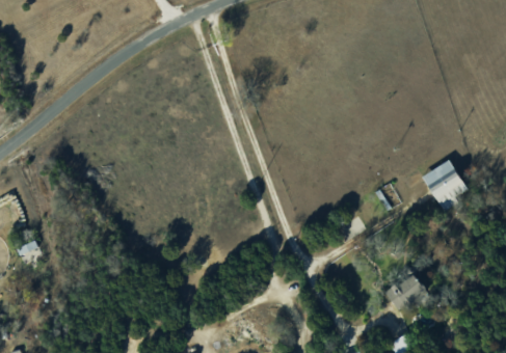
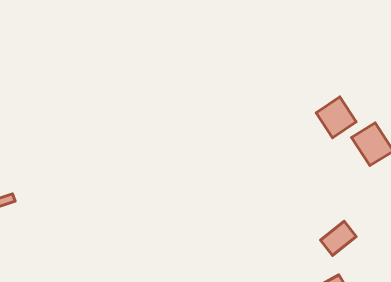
building: none -> [316,97,356,138]

